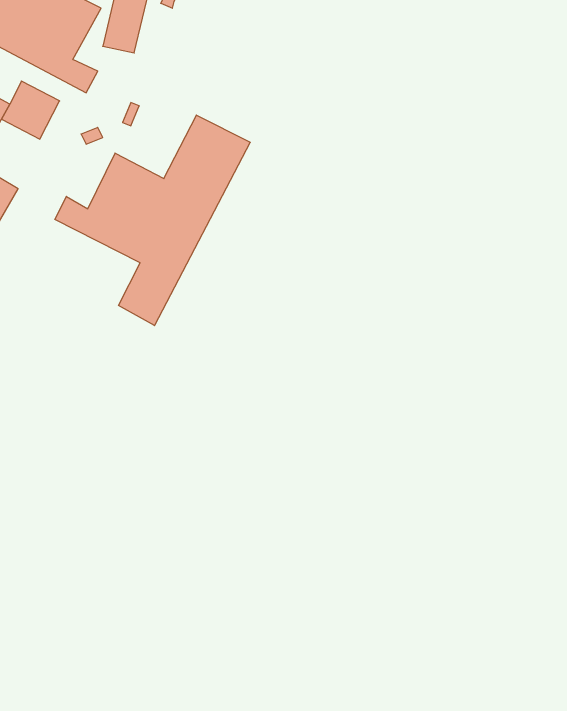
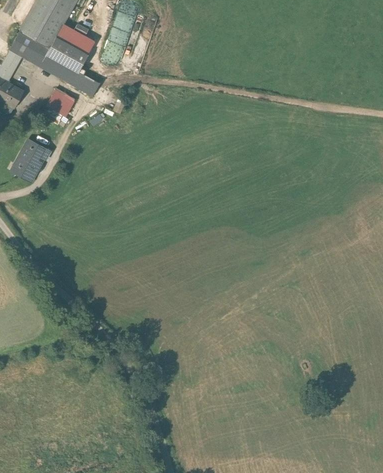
building: [55,115,250,326] -> none

